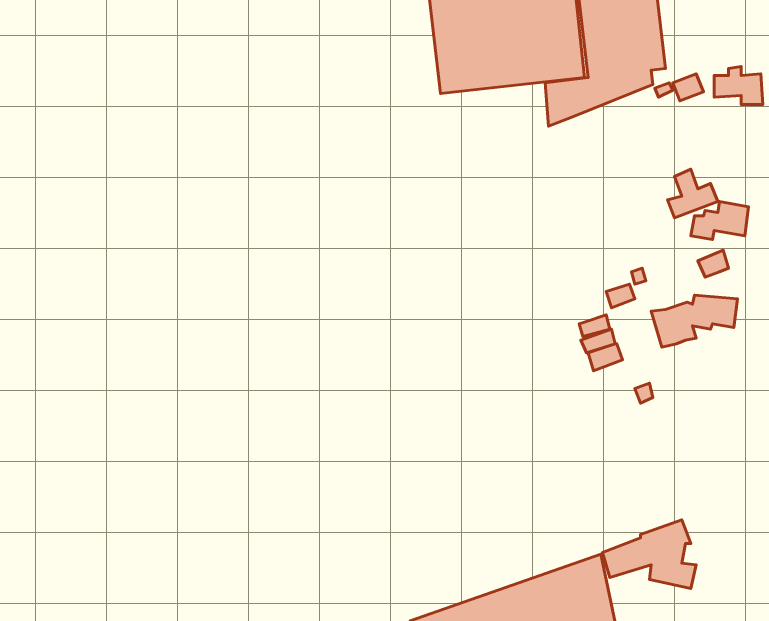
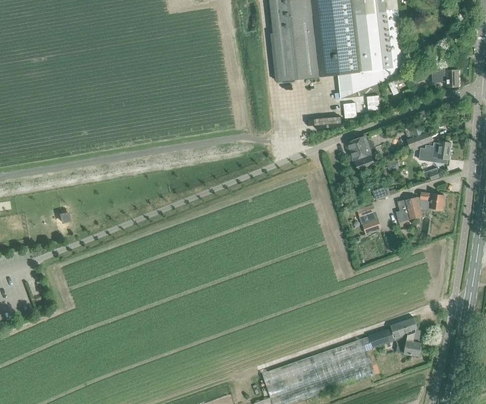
building: none -> [346,136,374,171]

